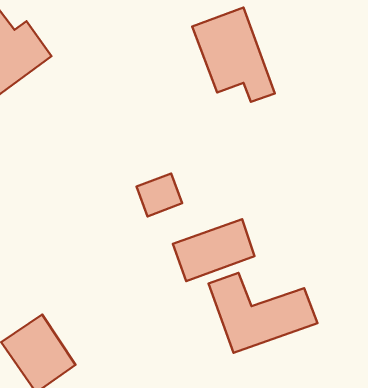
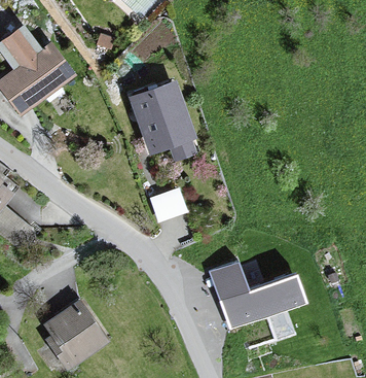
building: [192,7,275,102] -> [132,78,203,160]
building: [173,219,255,281] -> none

